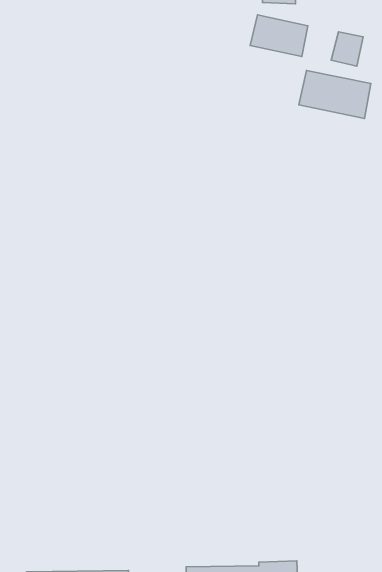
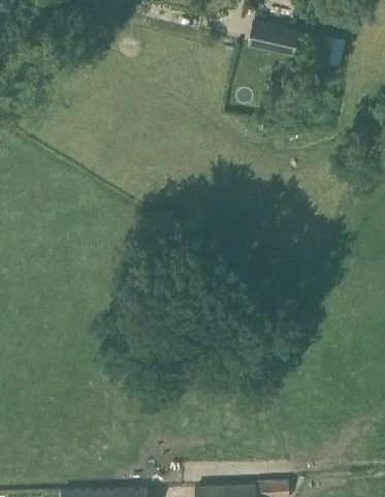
building: [299,71,371,119] -> none

